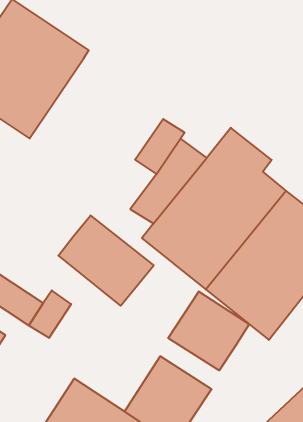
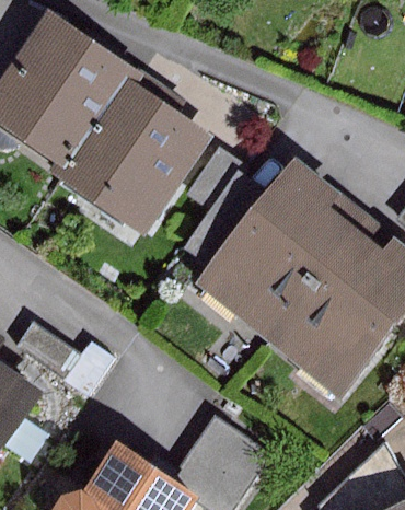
building: none -> [61,80,213,237]
building: [58,215,154,306] -> none
building: [168,291,249,370] -> none

